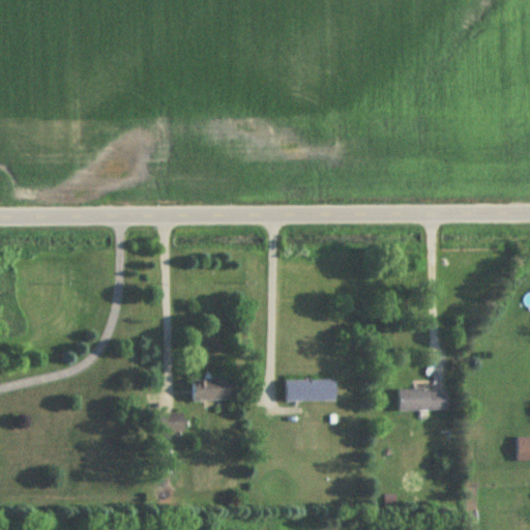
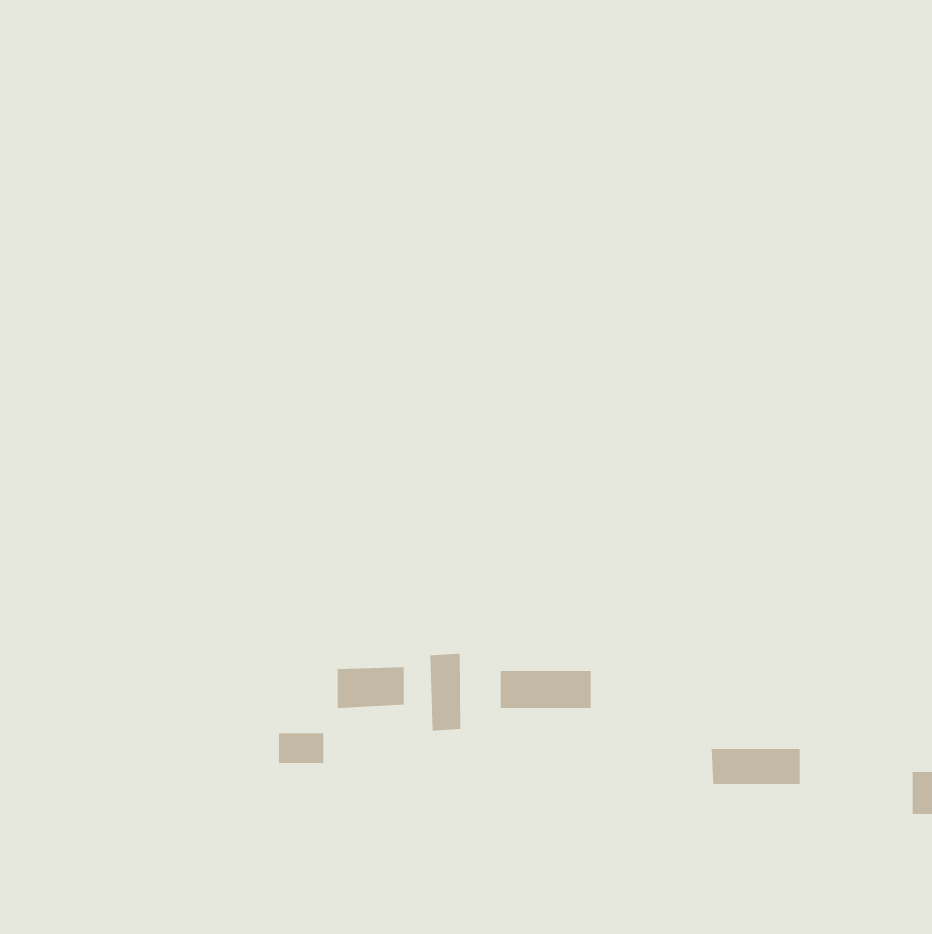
building: none -> [430,653,461,731]
building: [398,389,448,410] -> [711,748,800,785]

